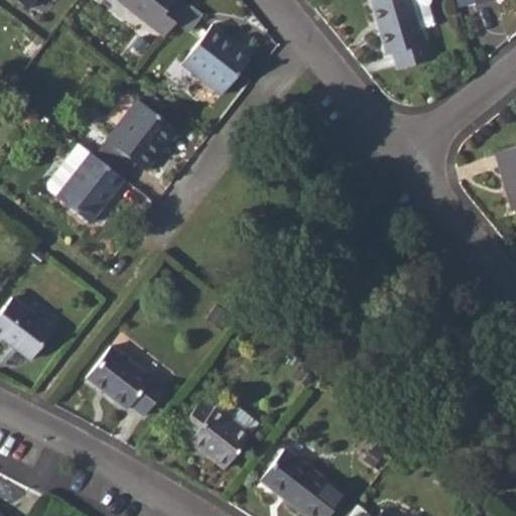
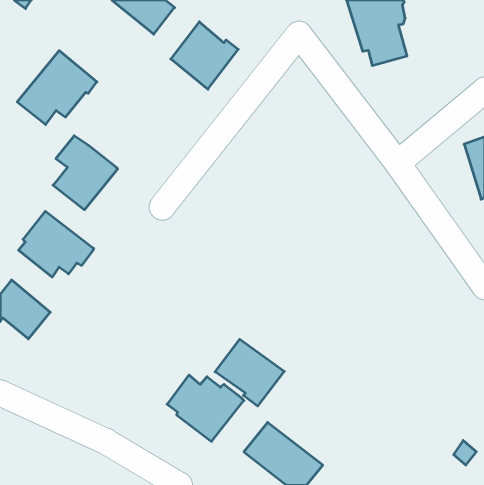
building: [95,100,179,178] -> [17,51,97,125]
building: none -> [19,211,94,277]
building: [88,347,166,416] -> none
building: none -> [215,339,284,406]

